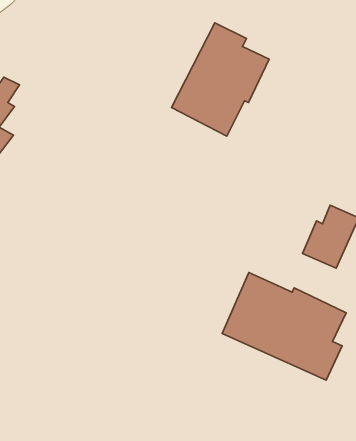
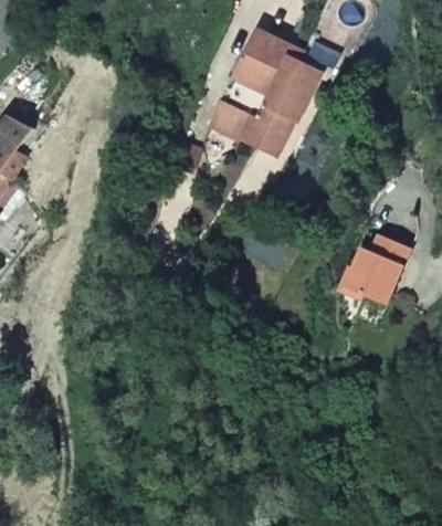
building: [222,272,346,380] -> none

